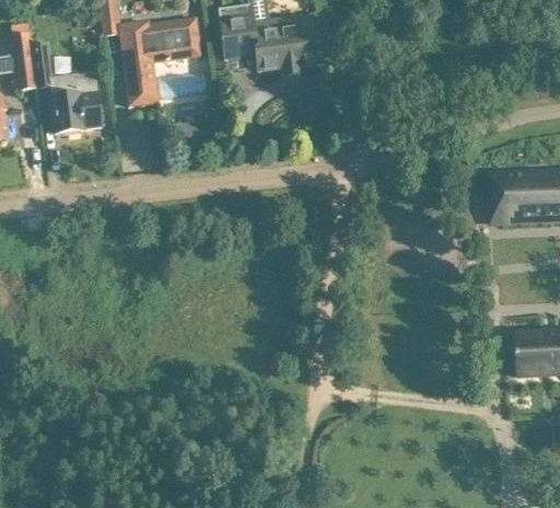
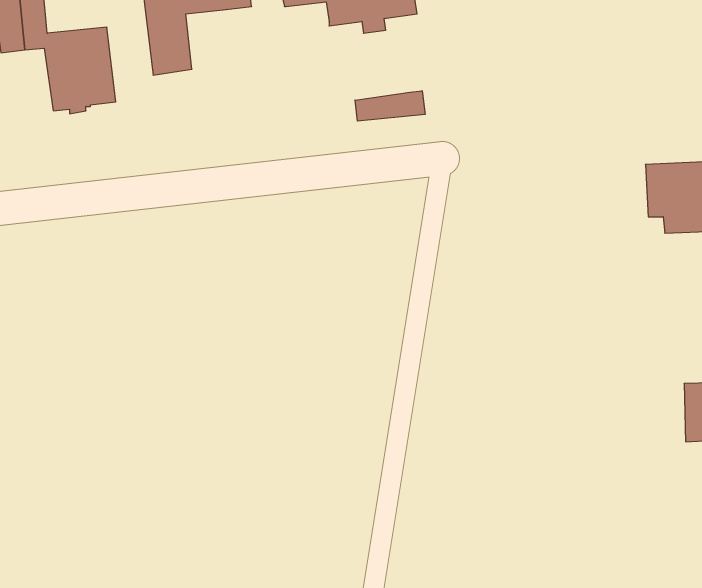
building: none -> [355,91,425,121]

